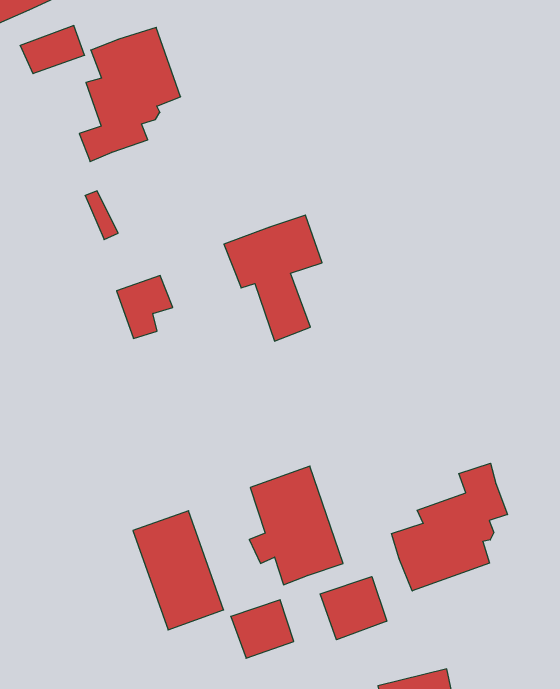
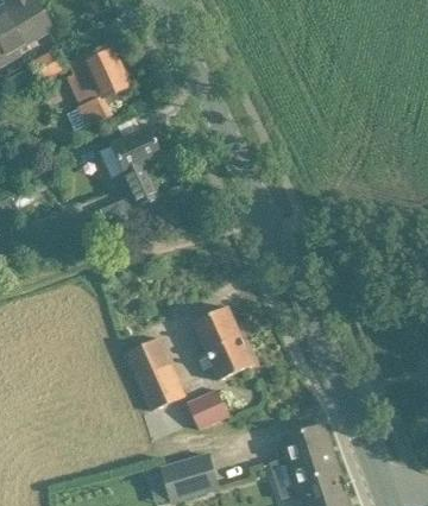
building: [224,215,322,341] -> [99,127,160,207]
building: [392,463,507,591] -> none
building: [320,577,387,640] -> none

